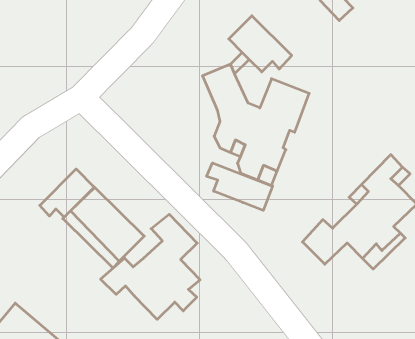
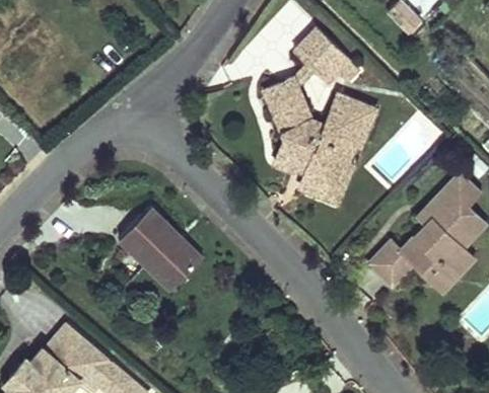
building: [207,163,273,210] -> none
building: [40,169,94,217] -> none
building: [101,214,200,319] -> none

